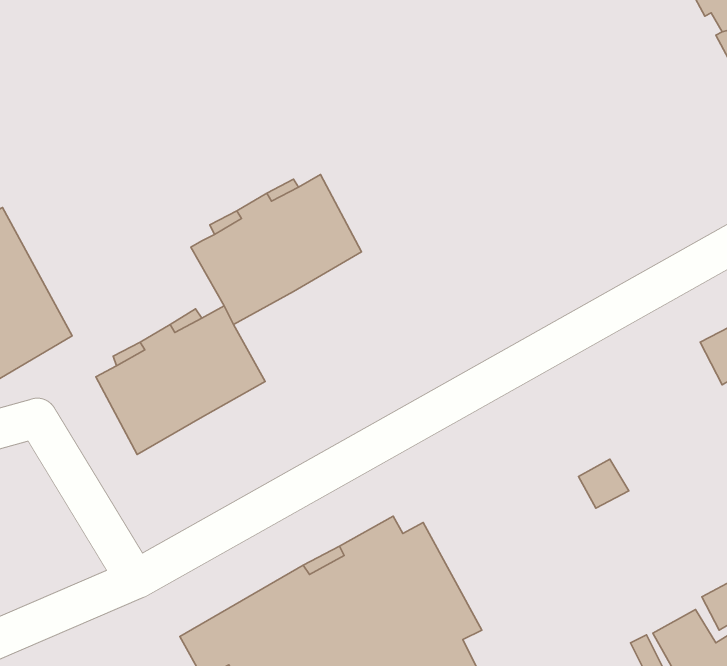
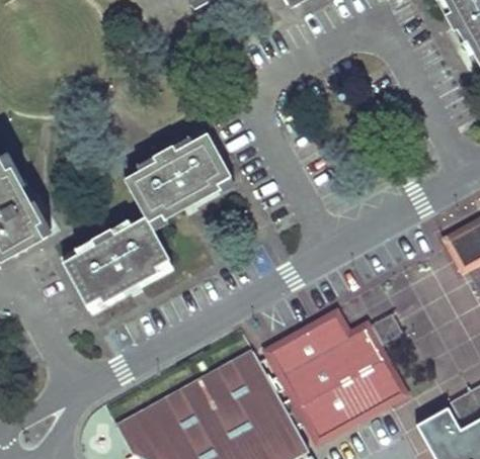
building: none -> [271,314,401,438]

